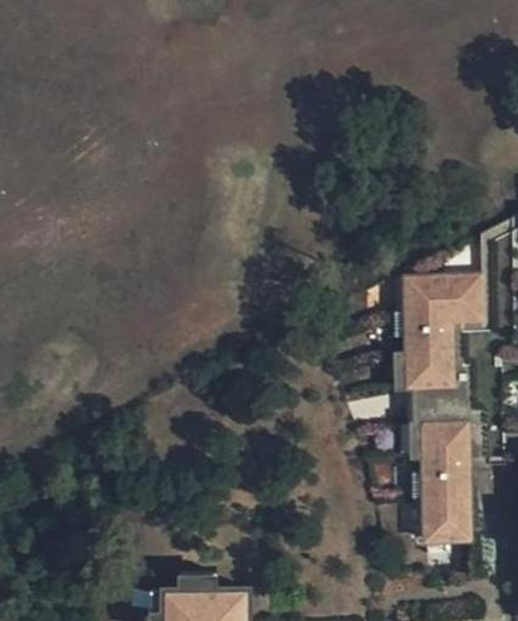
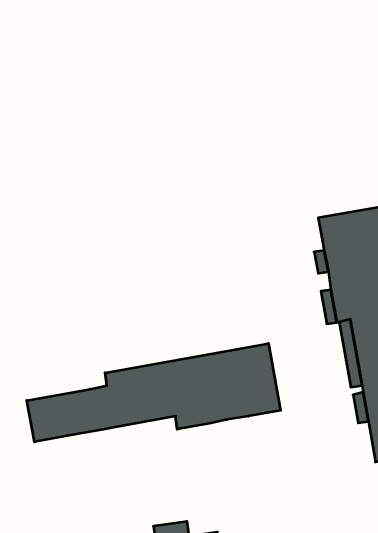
building: none -> [27,343,281,442]

